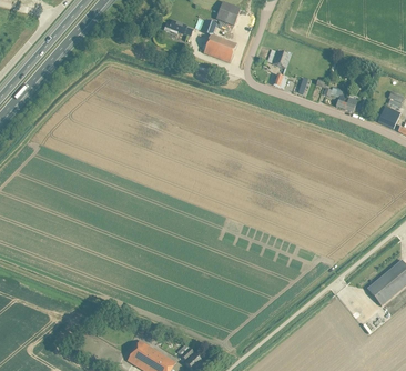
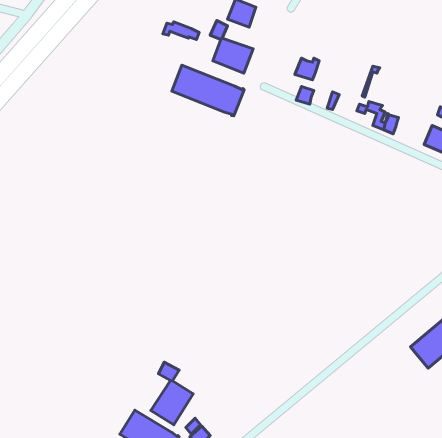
building: none -> [172,65,244,116]
building: none -> [151,362,193,425]

